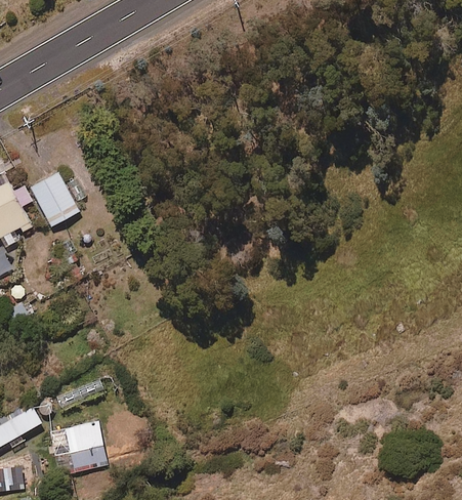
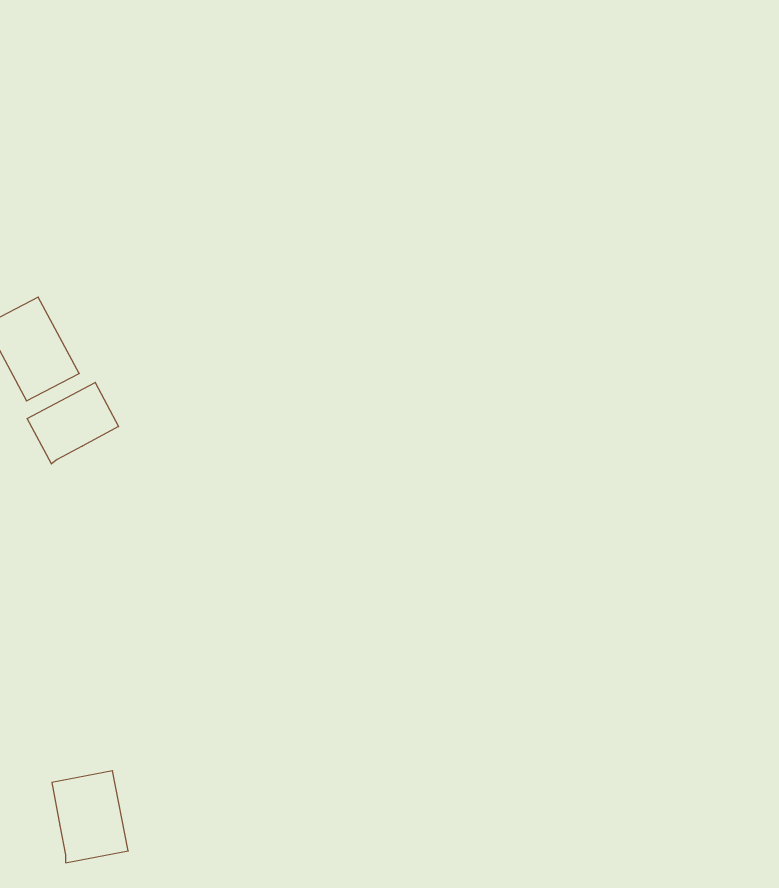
building: none -> [27,382,119,464]

